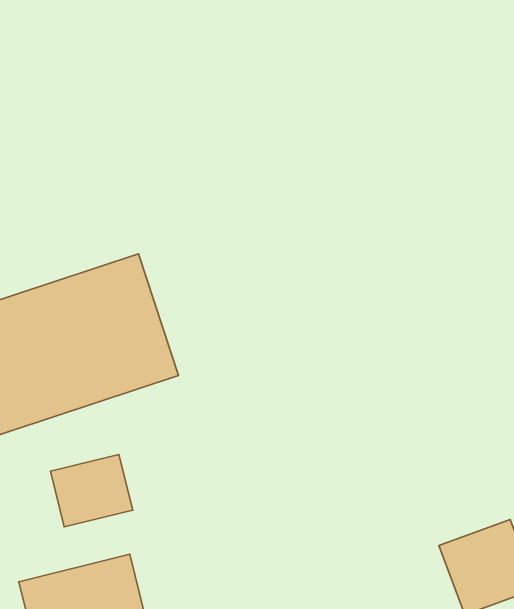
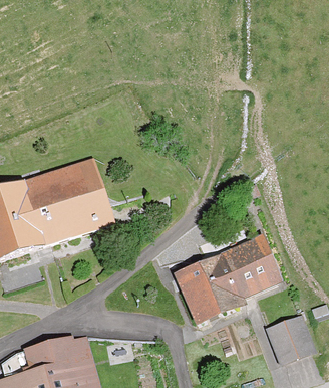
building: none -> [176,234,286,332]
building: [50,455,133,527] -> none

